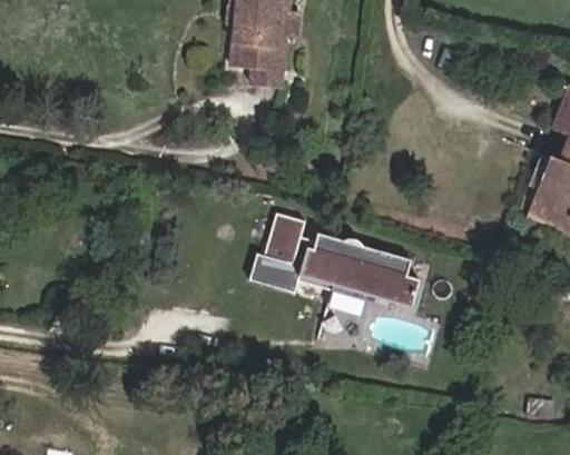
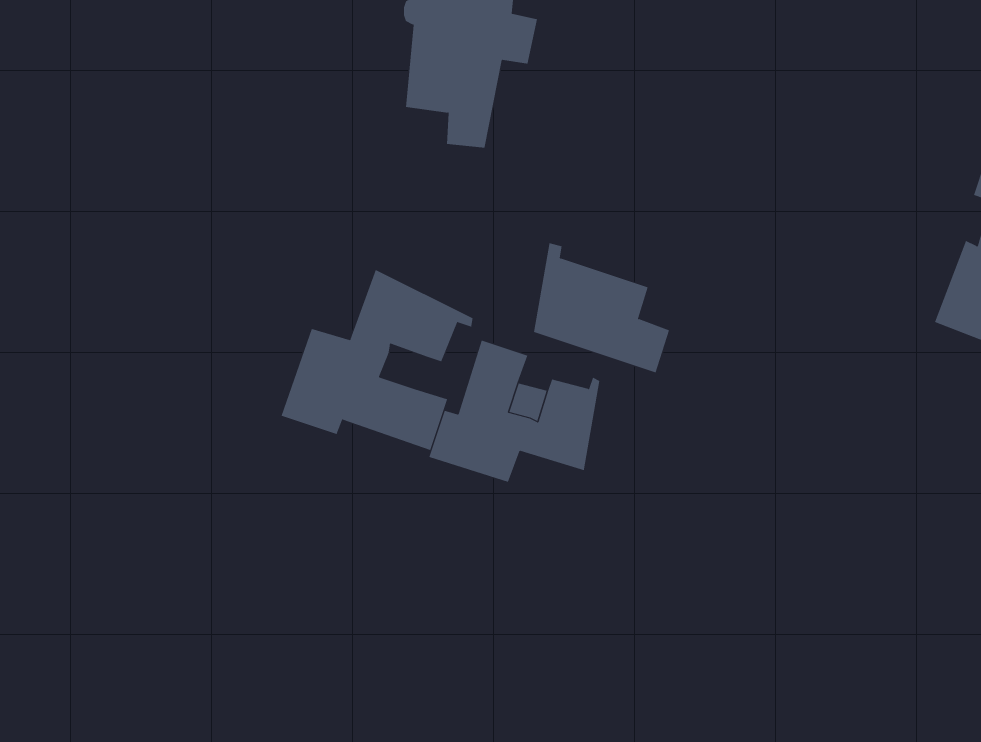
building: none -> [281,269,473,451]
building: [336,233,414,307] -> [533,242,670,373]

